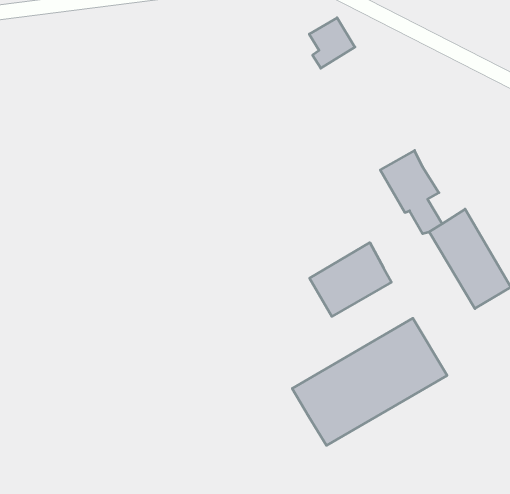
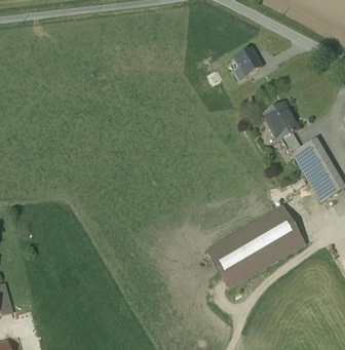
building: [309,18,355,68] -> [233,47,262,79]
building: [310,243,391,316] -> none

